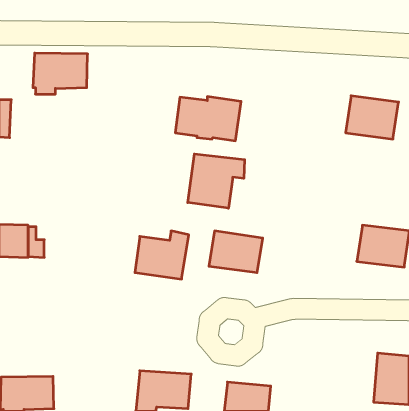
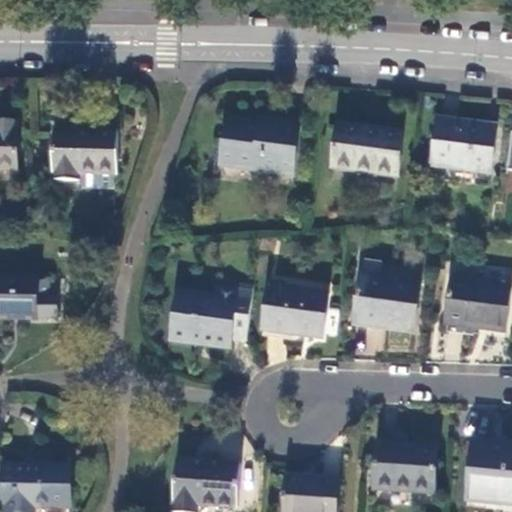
building: [33,53,88,94] -> [48,131,116,182]
building: none -> [332,124,401,175]
building: [188,154,245,208] -> none
building: none -> [352,273,420,335]
building: none -> [371,444,434,492]

